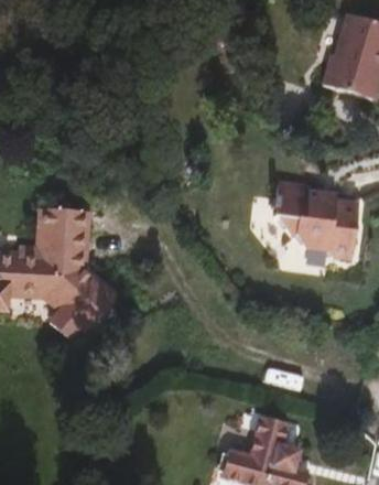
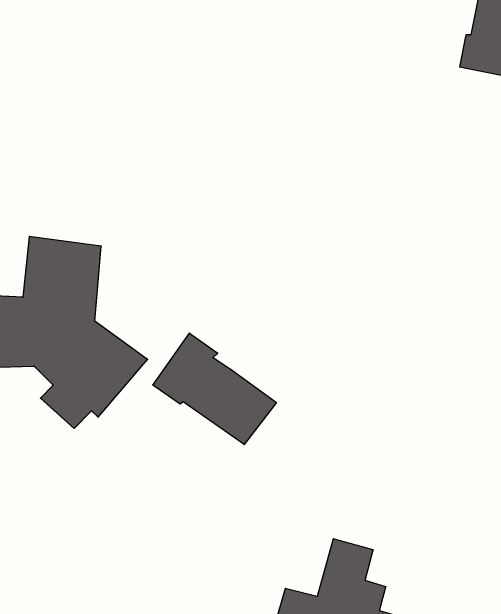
building: [269,185,358,259] -> none
building: none -> [153,333,276,445]

